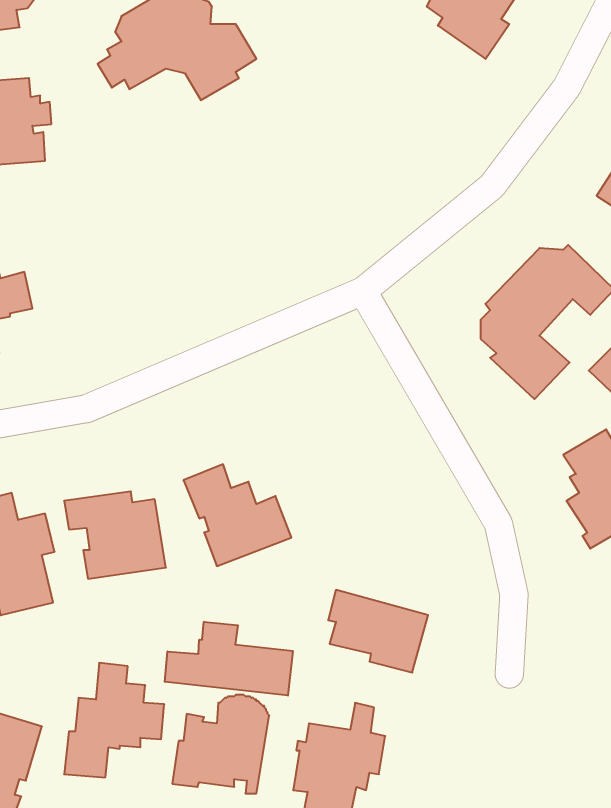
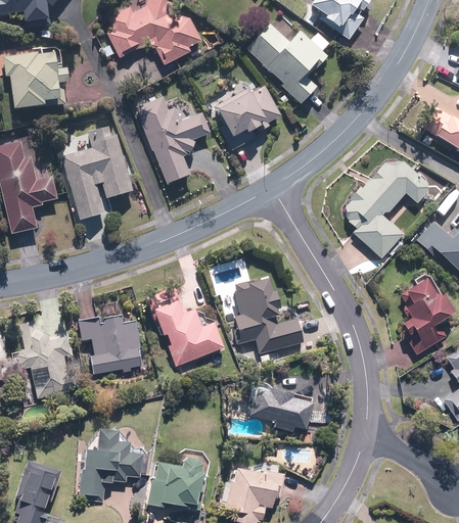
building: none -> [245,21,329,103]
building: none -> [209,77,281,151]
building: none -> [131,94,212,183]
building: none -> [59,125,134,220]
building: none -> [233,277,302,352]
building: [165,622,293,696] -> none

